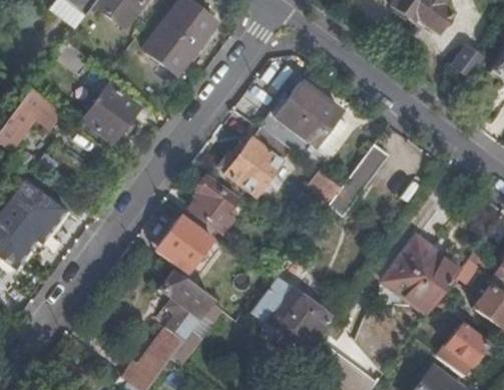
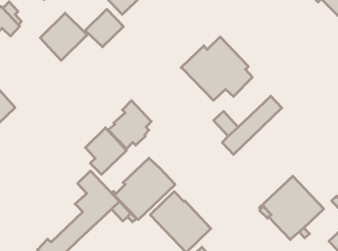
building: none -> [85,9,123,47]
building: [225,128,291,196] -> none
building: none -> [112,158,175,220]

